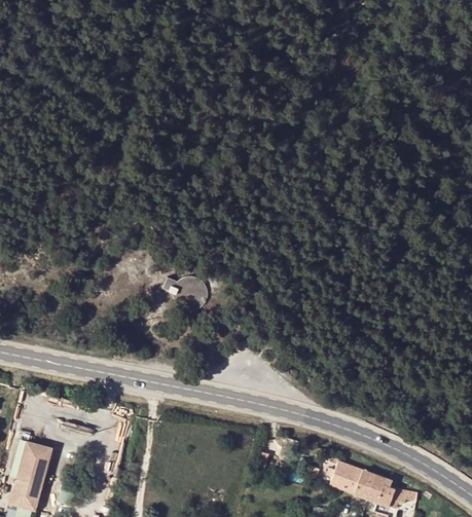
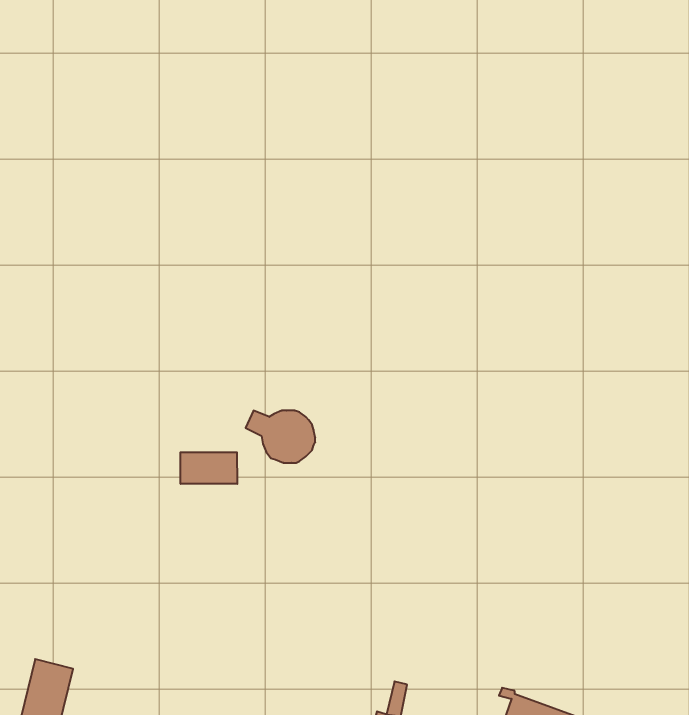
building: none -> [180,452,237,484]

